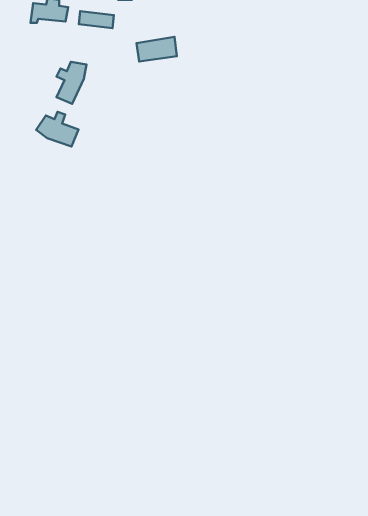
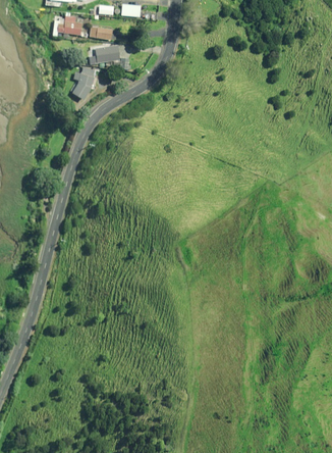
building: [137,37,177,62] -> [88,44,119,63]
building: [36,112,78,147] -> none

